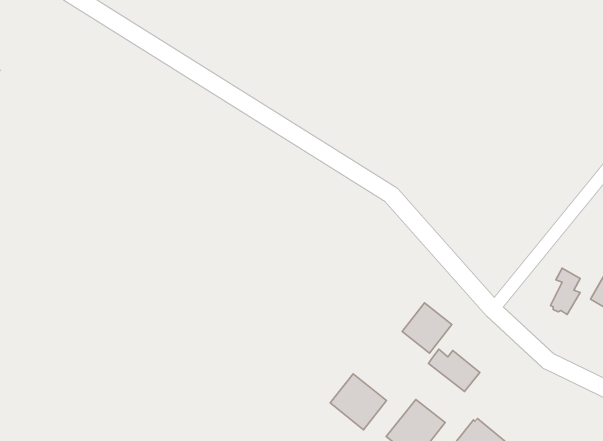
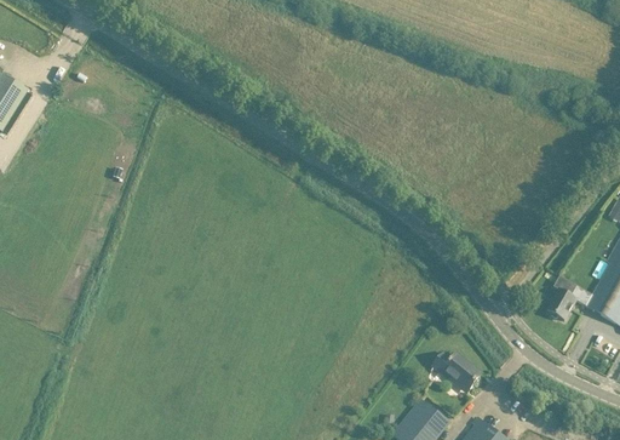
building: [402,303,452,353] -> none
building: [330,374,386,430] -> none

